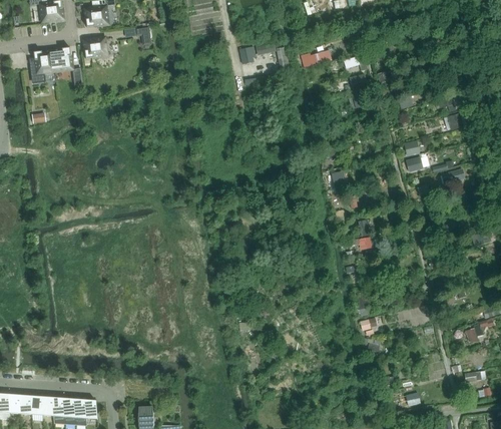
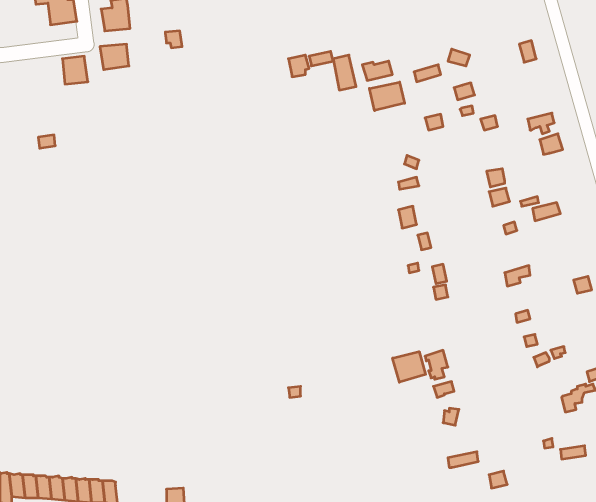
building: [29,50,54,79] -> none
building: none -> [369,82,405,111]
building: none -> [393,352,426,382]

